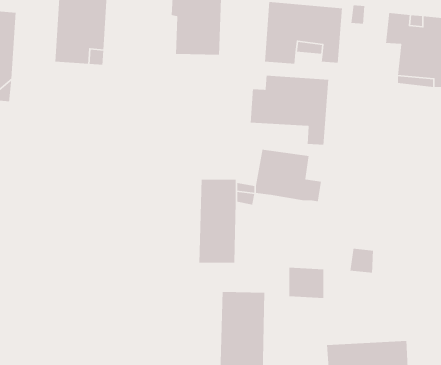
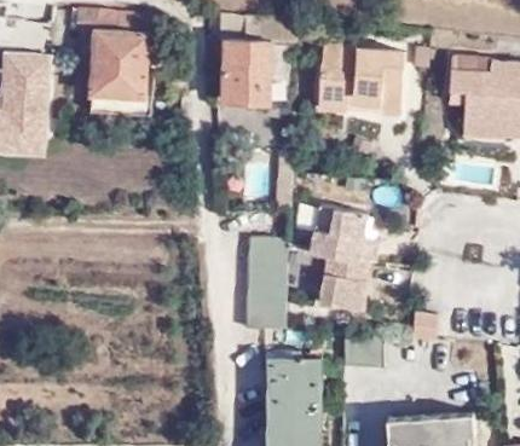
building: [250,75,329,146] -> none
building: none -> [318,255,370,309]

